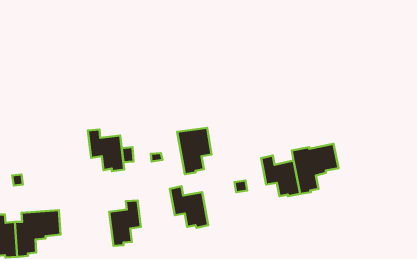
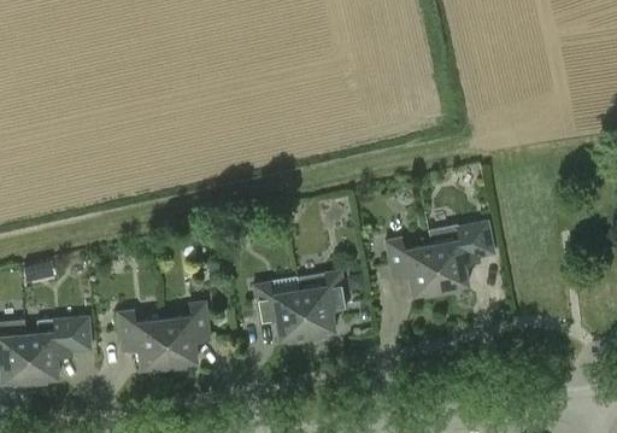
building: [177,128,211,174] -> [296,271,346,339]
building: [88,130,124,171] -> [117,311,170,371]

